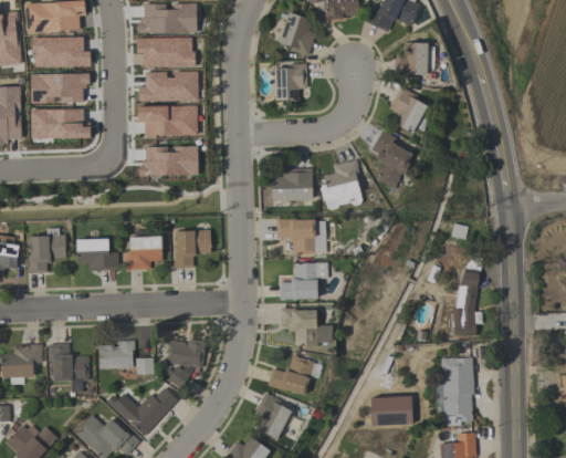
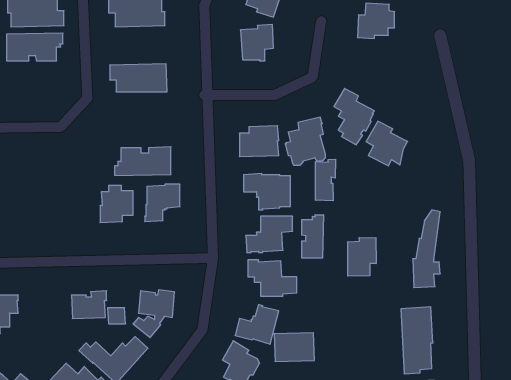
building: [139,71,199,101] -> none
building: [389,87,432,134] -> [366,121,408,166]
building: [31,108,91,137] -> none
building: [139,145,198,175] -> [115,147,171,175]
building: none -> [315,159,335,201]
building: [29,228,66,273] -> none
building: [76,239,117,271] -> none
building: none -> [302,215,323,258]
building: none -> [348,238,376,276]
building: [49,344,91,393] -> none
building: [370,396,412,426] -> [274,333,314,361]

